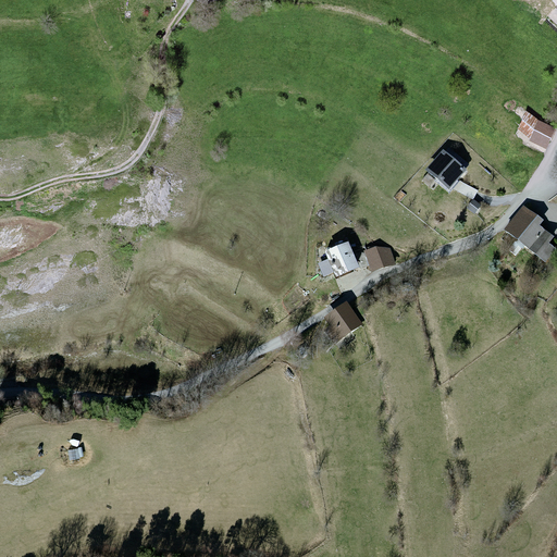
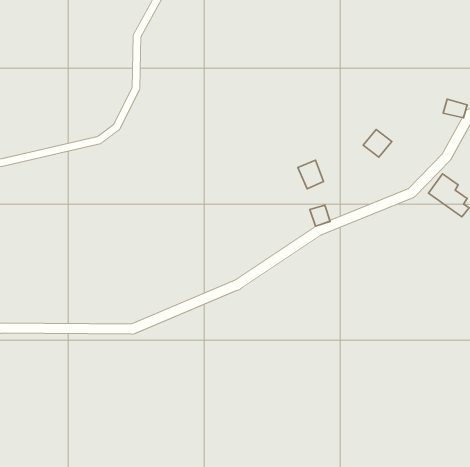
building: [325,243,356,276] -> [298,160,324,189]
building: [326,305,360,338] -> none

